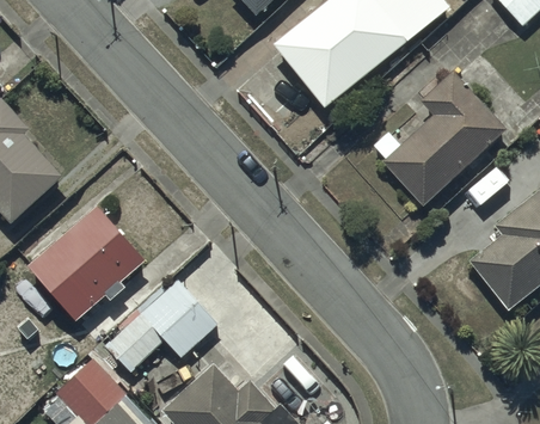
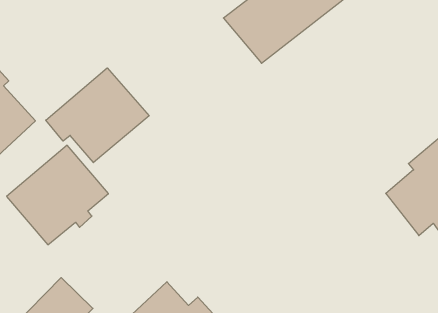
building: [372,70,505,205] -> none
building: none -> [46,68,149,163]
building: [105,277,222,373] -> none

